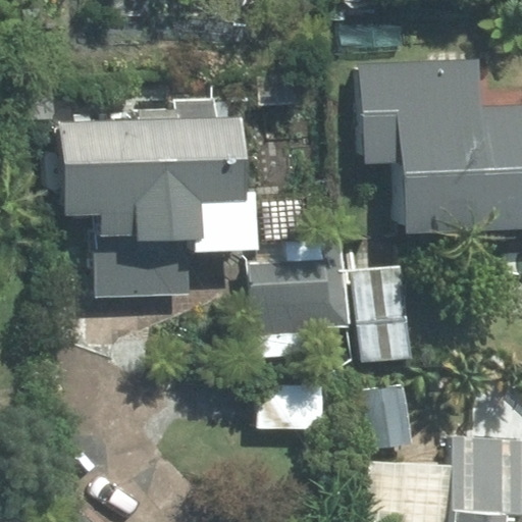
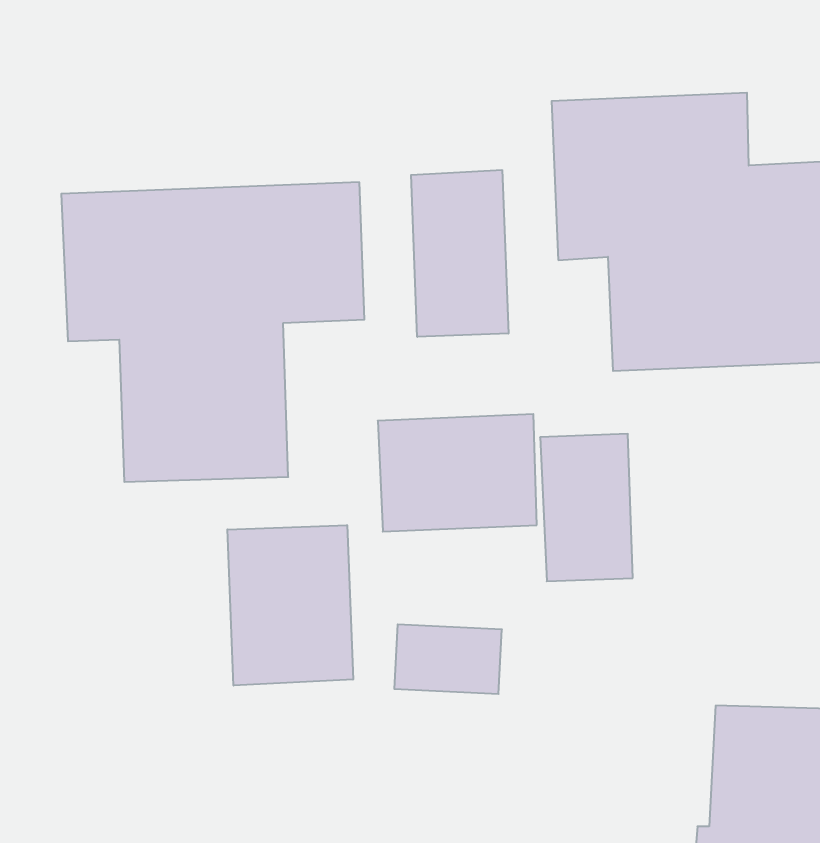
building: none -> [411,170,508,337]
building: none -> [227,525,353,686]

